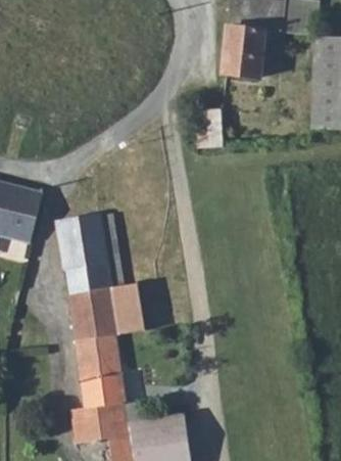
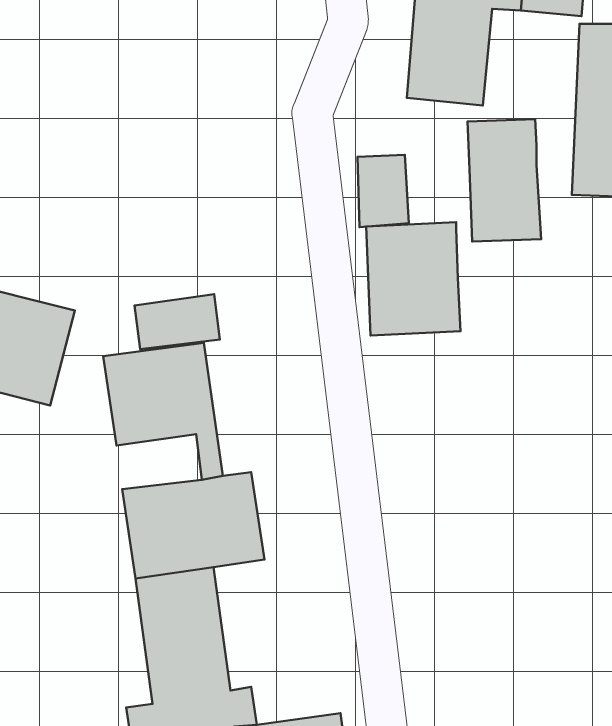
building: none -> [468,119,541,242]
building: none -> [366,222,460,335]
building: [65,261,111,290] -> [135,294,220,349]

